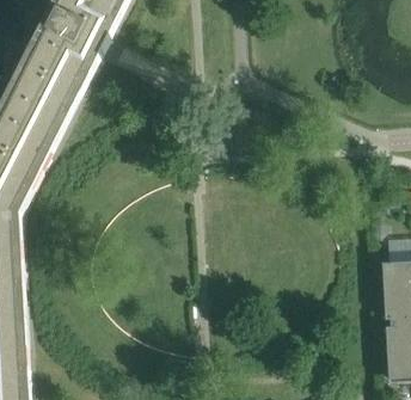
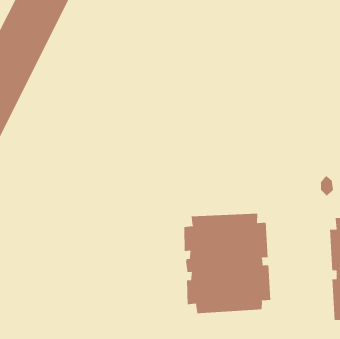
building: none -> [184,213,271,314]

